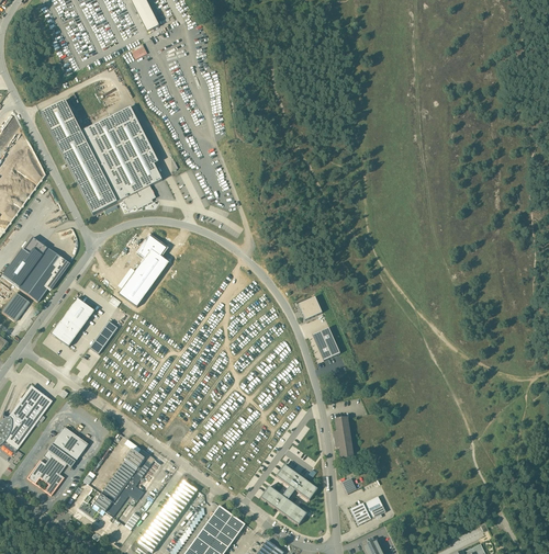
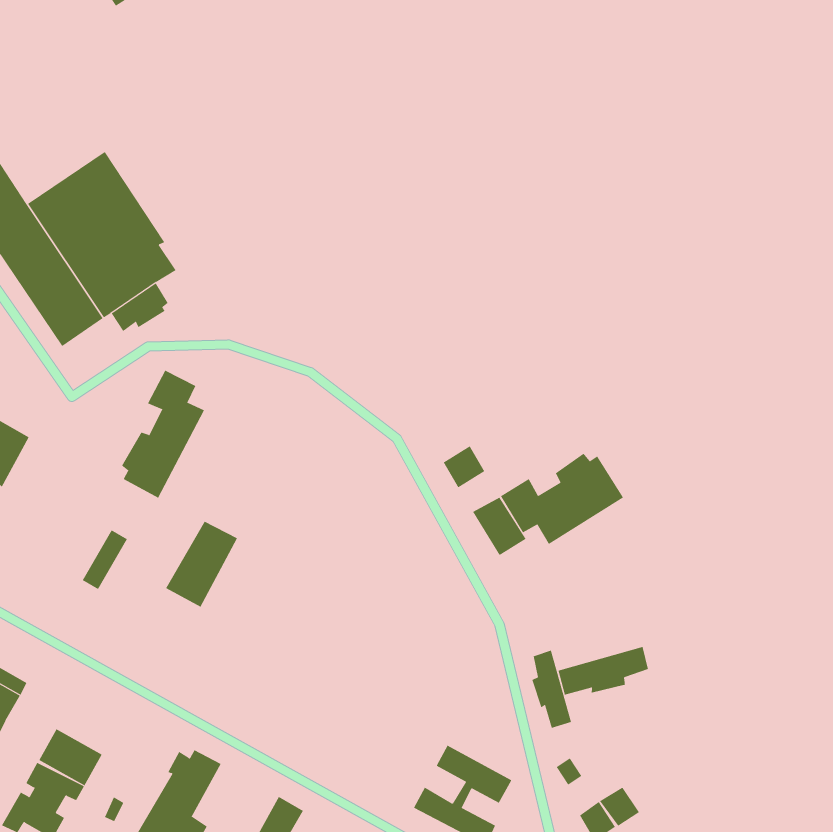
building: [51,297,94,346] -> [165,521,238,608]
building: none -> [500,453,624,545]
building: none -> [558,646,648,696]

